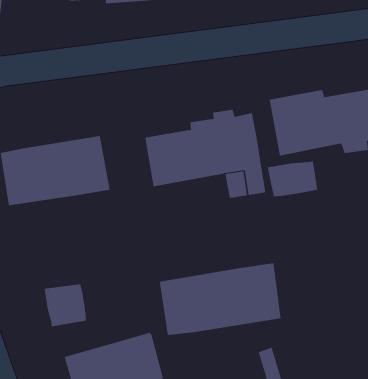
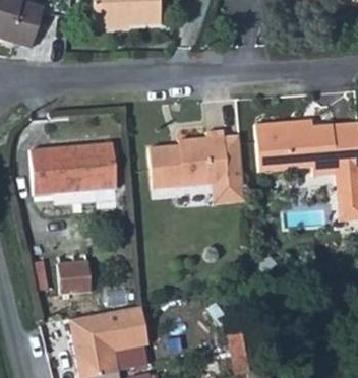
building: [267,160,318,197] -> none
building: [159,262,281,336] -> none

